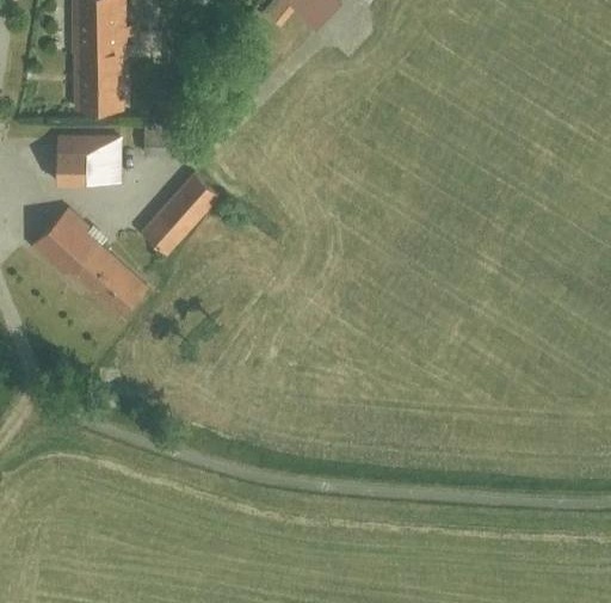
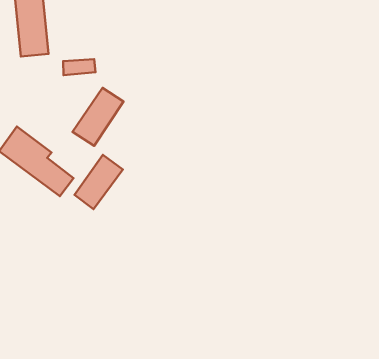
building: [54,137,117,176] -> none
building: none -> [75,155,123,209]

